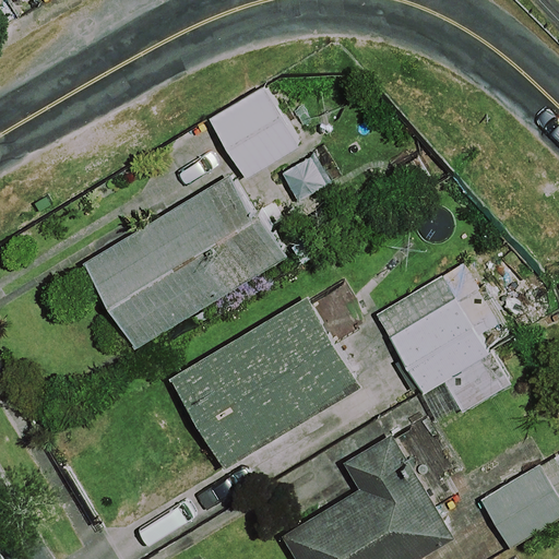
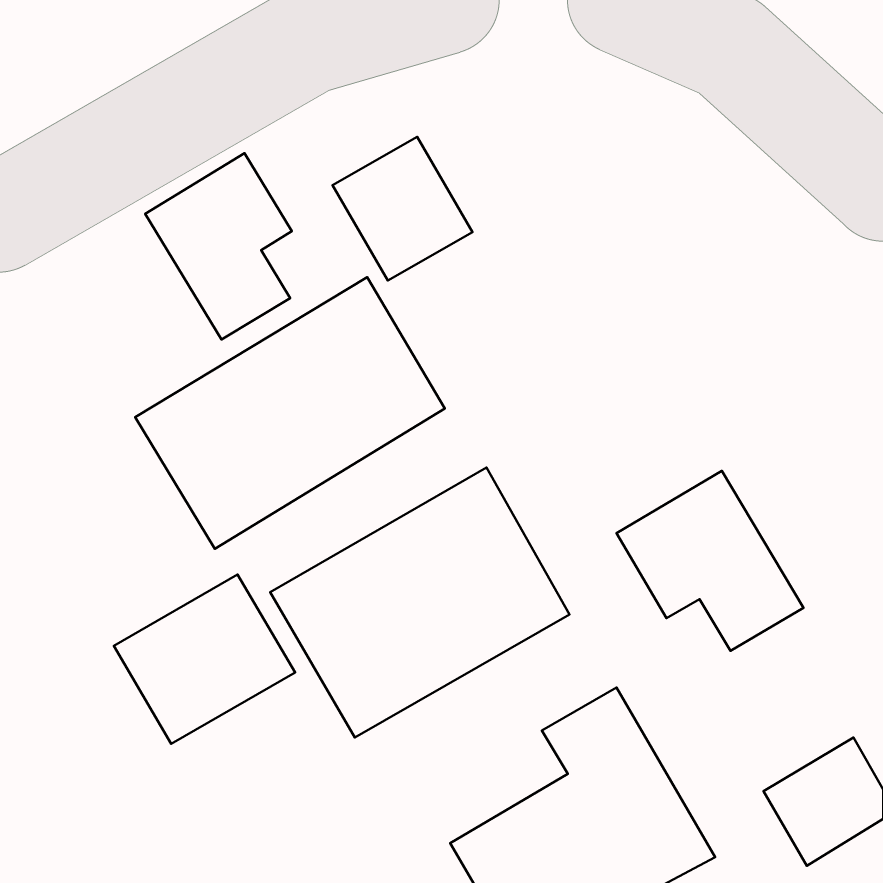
building: none -> [145,153,292,340]
building: none -> [114,574,295,744]

